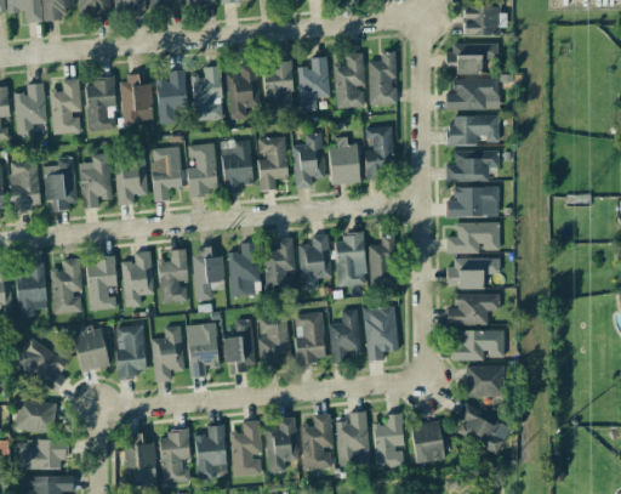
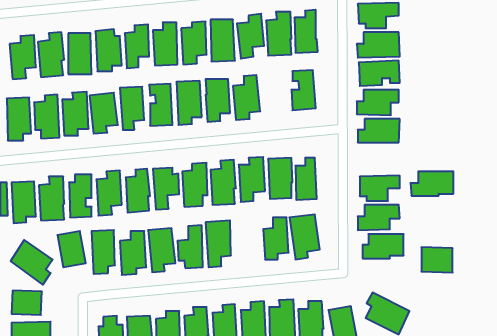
building: [330,137,359,184] -> none
building: [445,222,498,252] -> [410,171,453,196]
building: [294,312,325,363] -> none
building: [466,365,505,397] -> [421,247,453,273]

